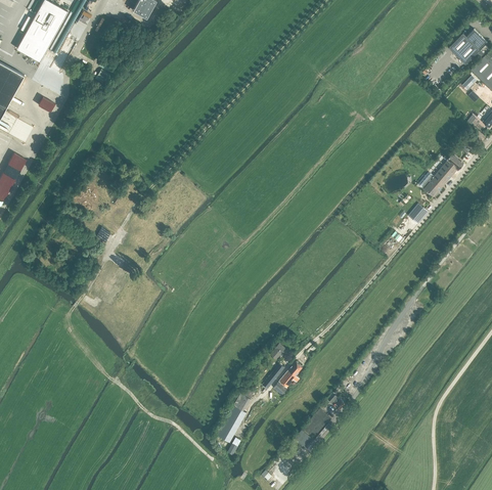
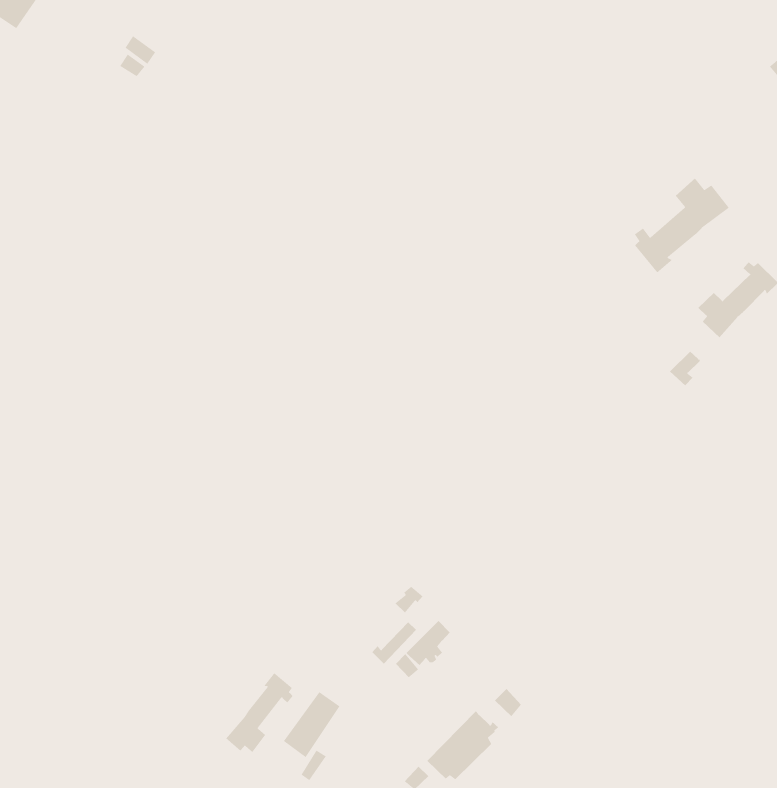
building: none -> [634,178,730,273]
building: none -> [225,672,294,753]

